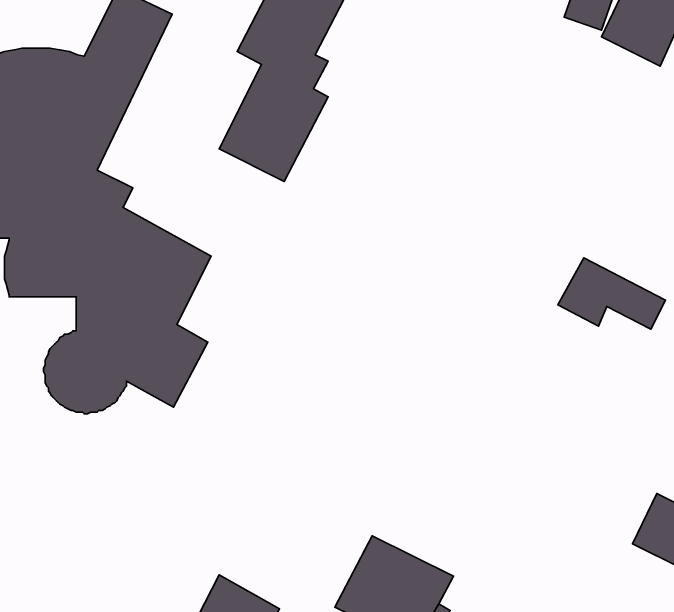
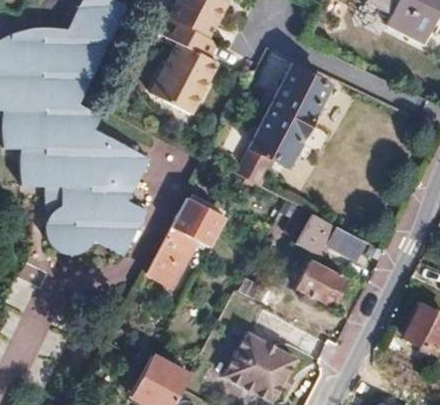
building: none -> [239,64,328,181]
building: [558,258,665,329] -> [296,213,362,257]
building: none -> [146,197,225,287]
building: none -> [297,259,346,305]

